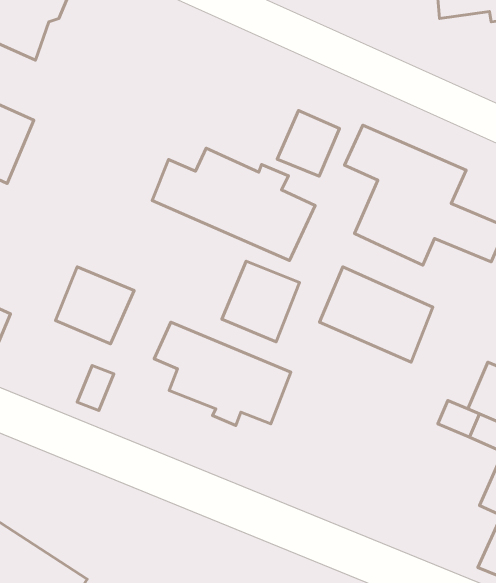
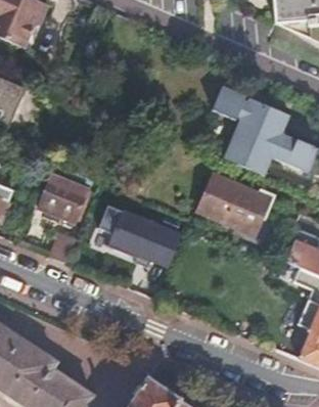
building: [277,110,340,176] -> none
building: [152,148,315,260] -> none
building: [222,261,300,342] -> none

